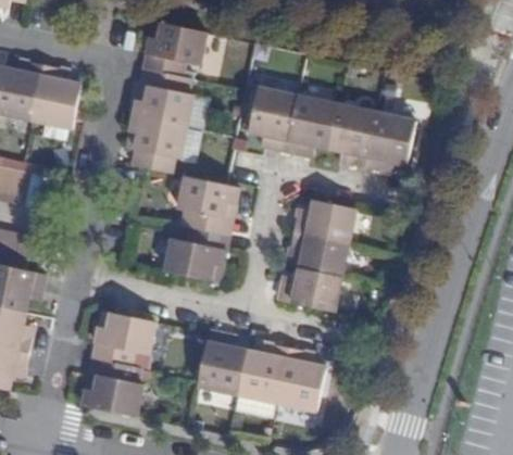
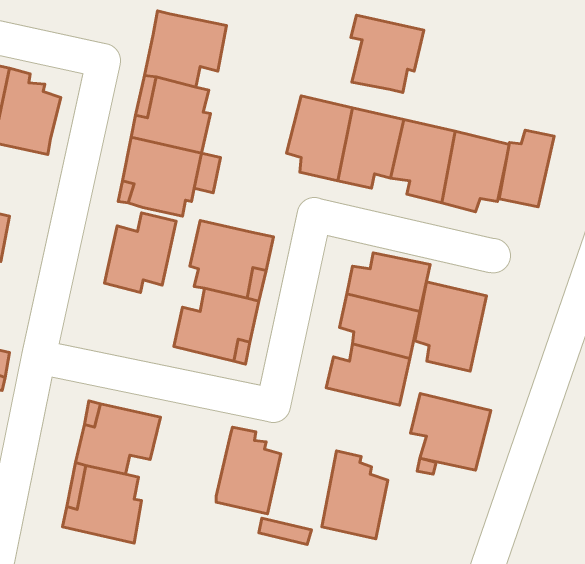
building: none -> [351,15,424,92]
building: none -> [499,130,554,207]
building: none -> [105,213,176,292]
building: none -> [415,282,486,371]
building: none -> [411,394,491,470]
building: [235,343,286,404] -> none

